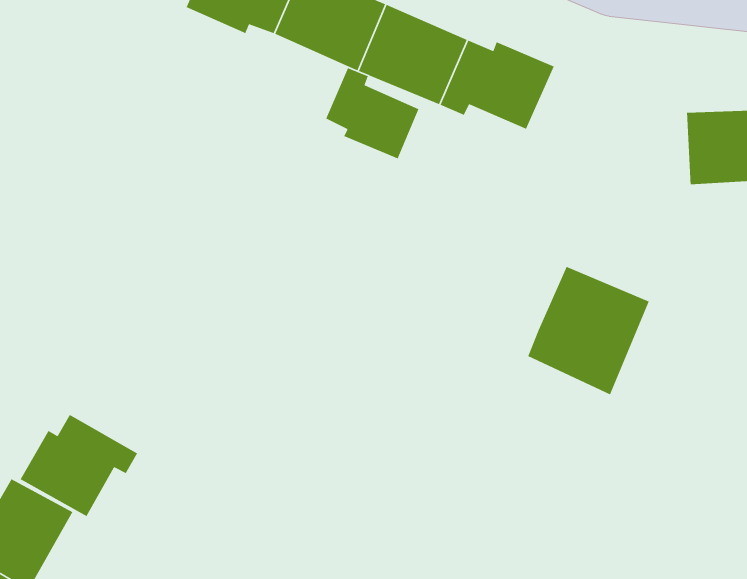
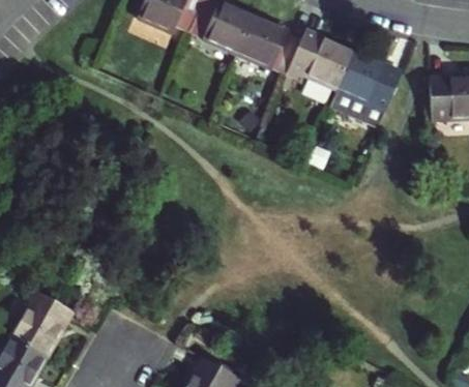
building: [325,67,419,160] -> none
building: [527,266,650,395] -> [330,51,402,126]
building: [19,414,138,517] -> none

